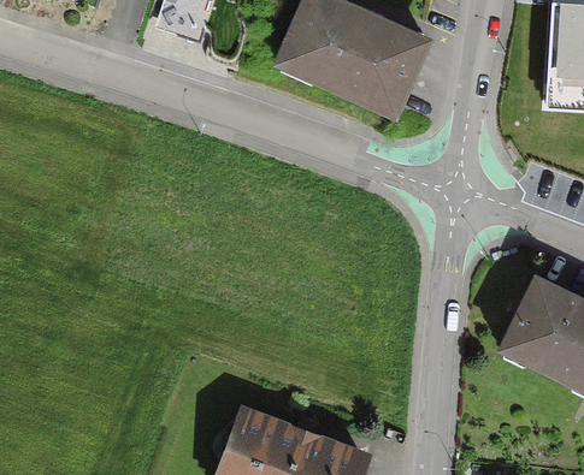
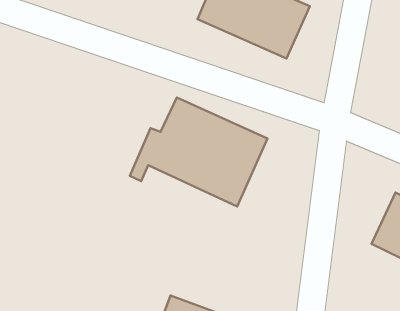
building: none -> [130,98,267,206]

